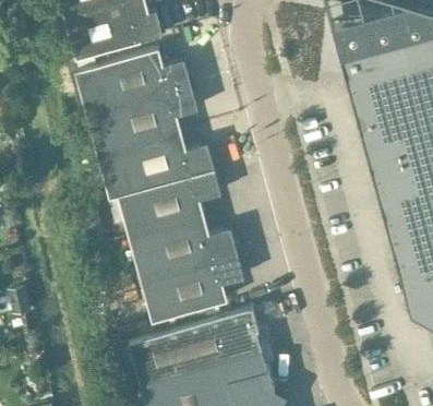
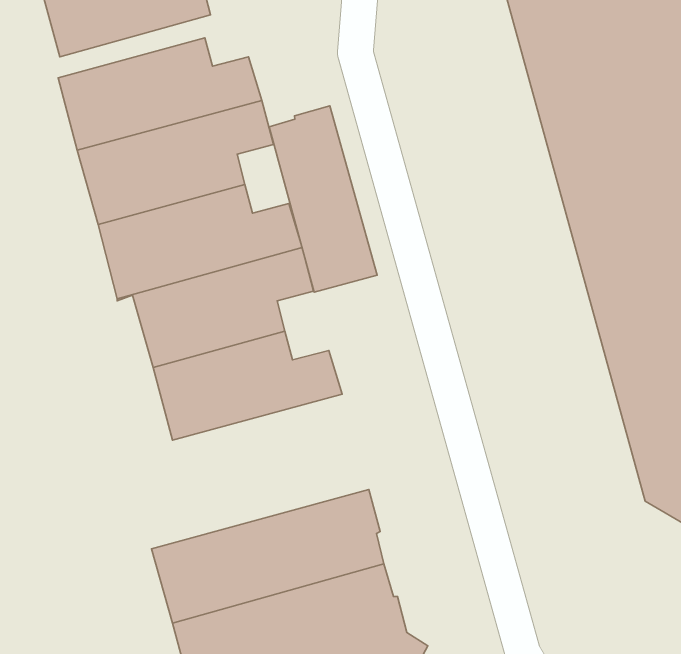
building: none -> [269,106,377,292]
building: [141,254,244,323] -> none

